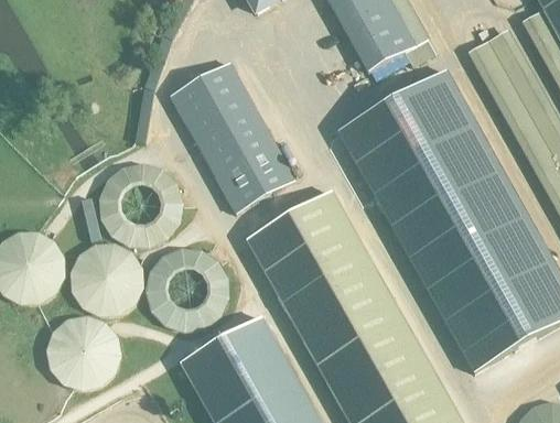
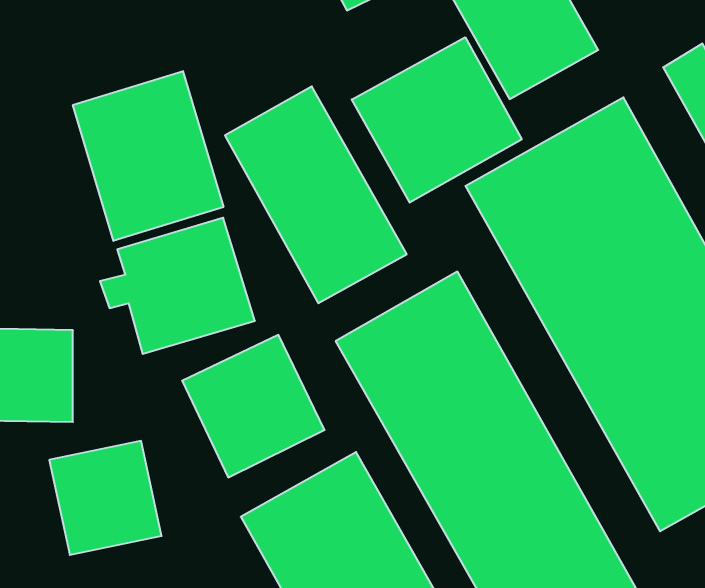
building: none -> [352,37,522,203]
building: none -> [73,71,223,241]
building: [69,237,147,314] -> none

